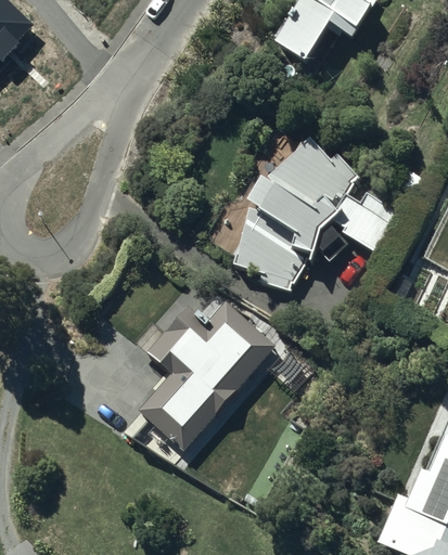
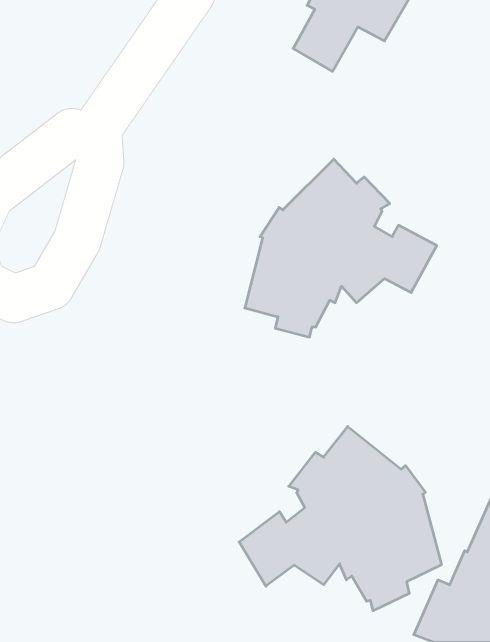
building: [125,295,277,464] -> none
building: none -> [239,426,441,611]

